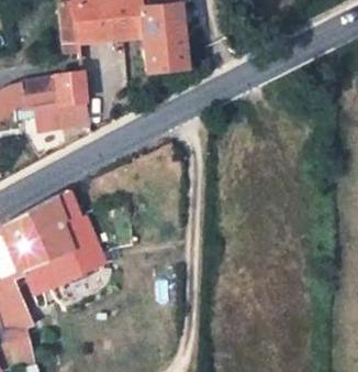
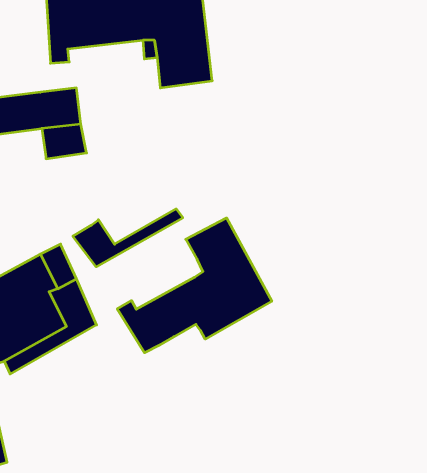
building: none -> [73,209,183,267]
building: none -> [117,218,272,353]

